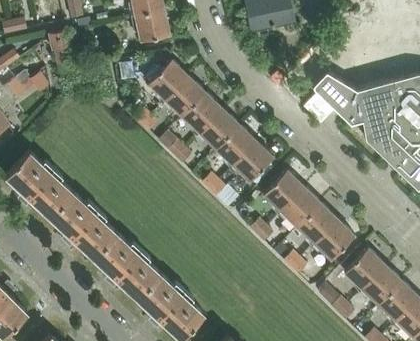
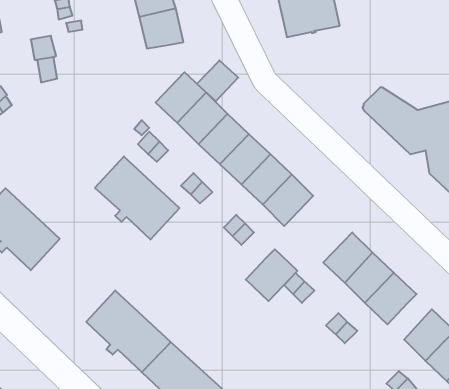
building: none -> [197,60,238,101]
building: [262,171,303,212] -> [246,249,297,301]
building: [48,193,115,259] -> [95,156,179,240]

